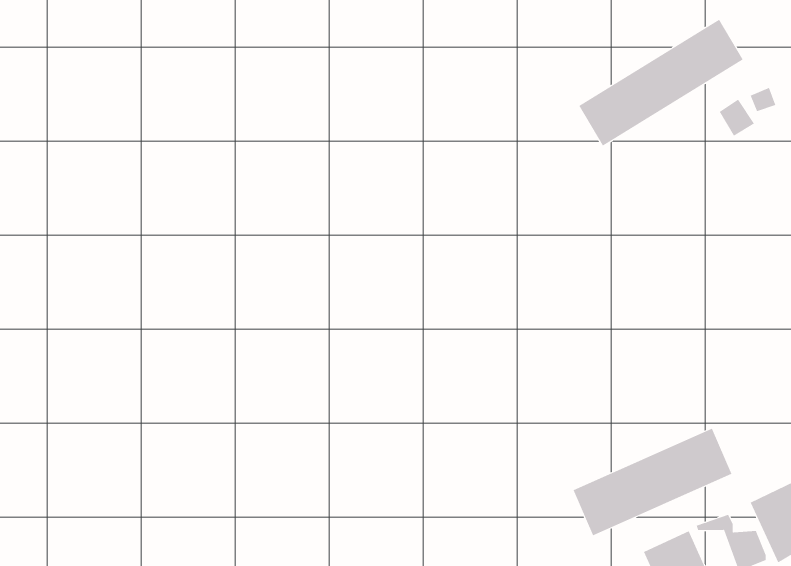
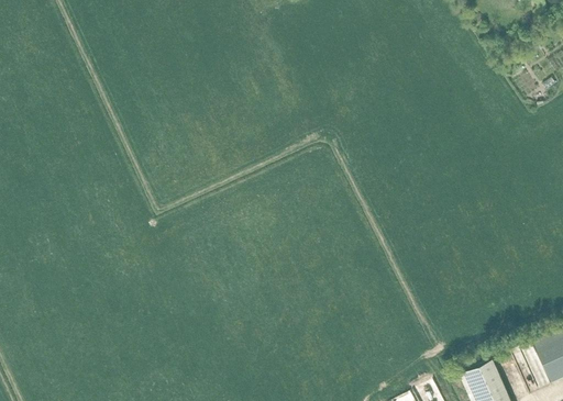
building: [578,19,744,146] -> none
building: [573,428,732,536] -> none

